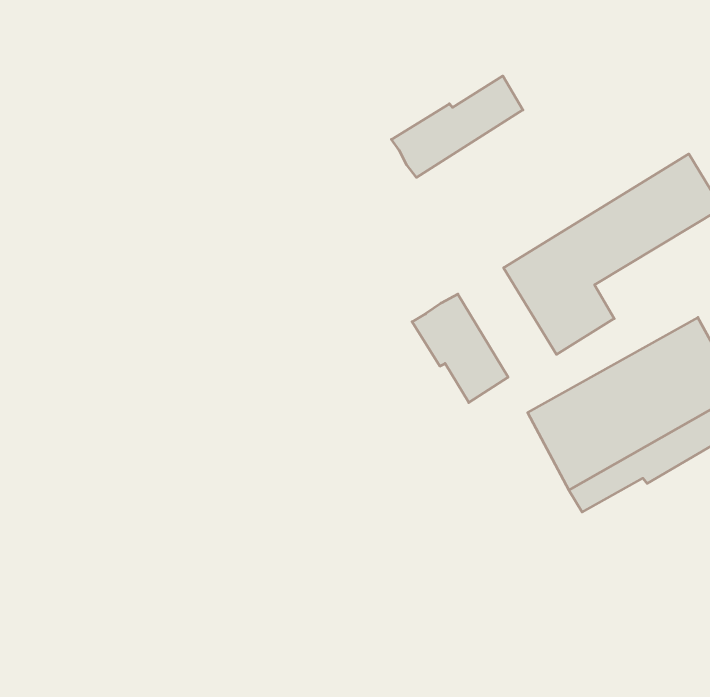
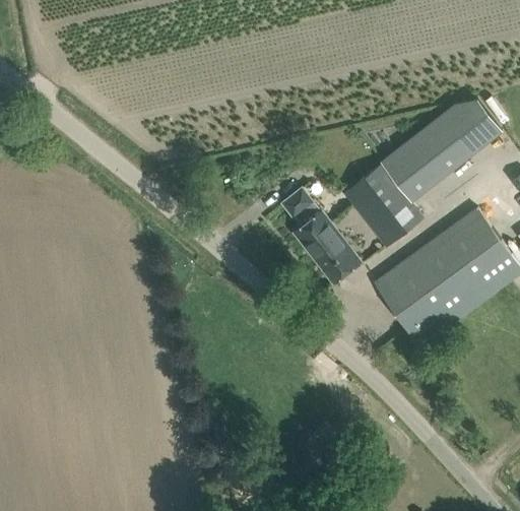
building: [391,76,523,177] -> none
building: none -> [281,188,313,227]

